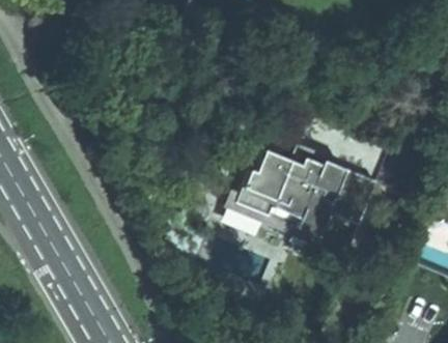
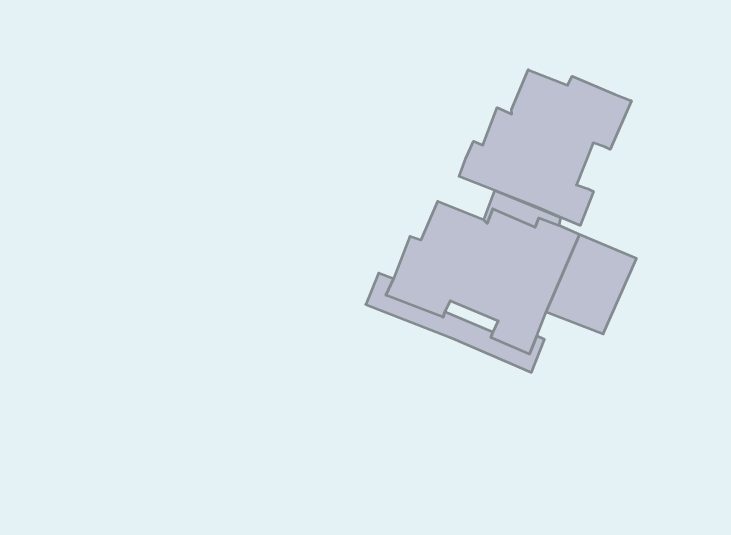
building: none -> [459,70,631,225]

